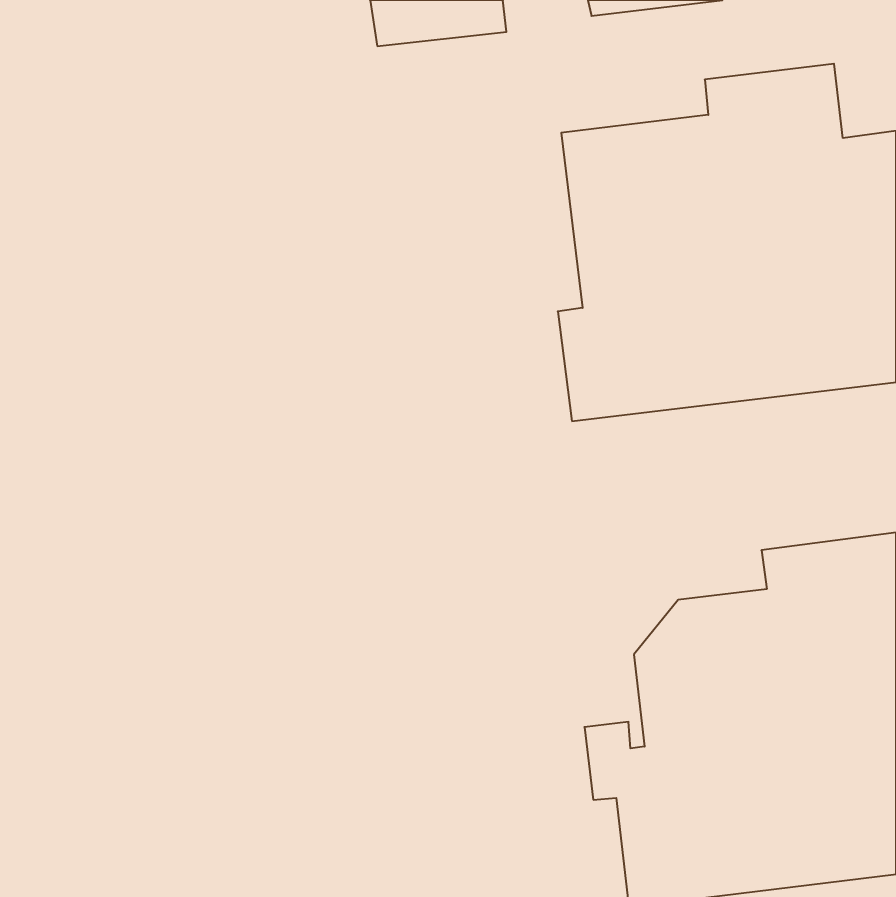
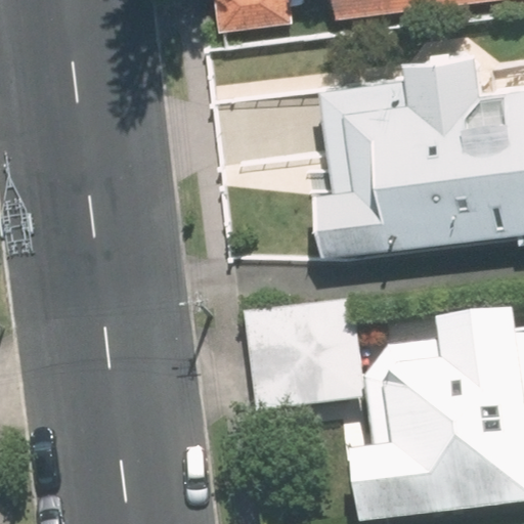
building: none -> [247,302,364,416]

